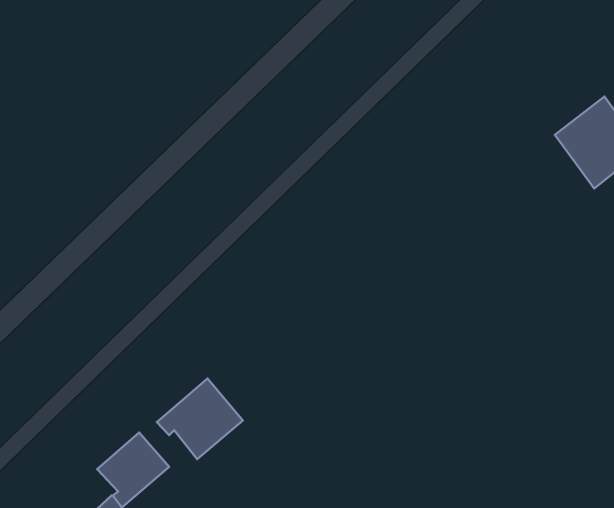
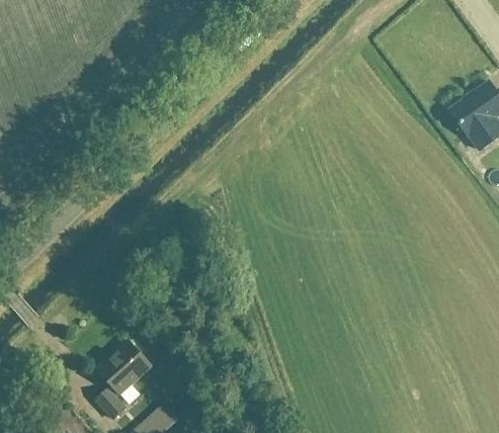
building: [157,378,243,459] -> none

